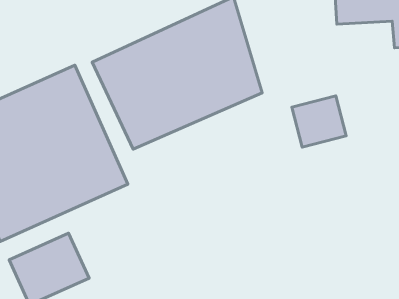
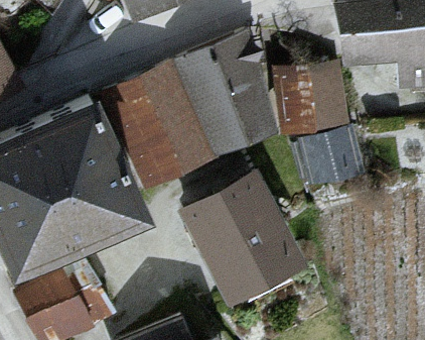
building: none -> [278,64,341,126]
building: none -> [187,177,301,299]

